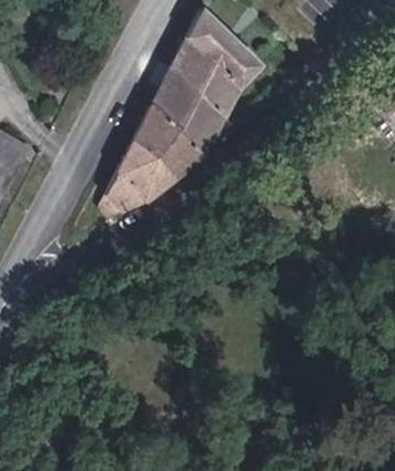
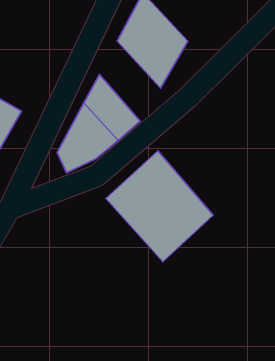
building: [143,65,216,162] -> none
building: none -> [106,151,213,262]

